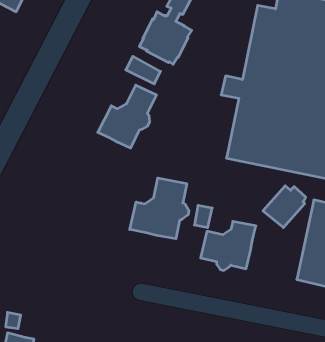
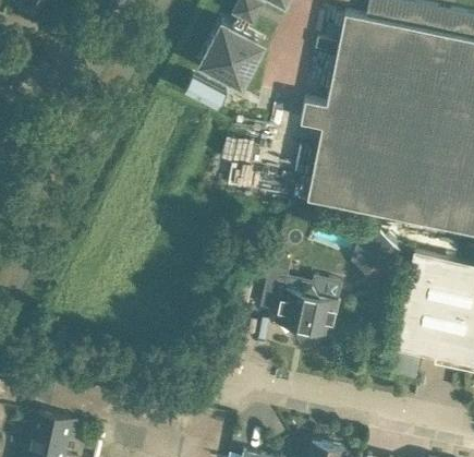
building: [98,85,156,148] -> none
building: [130,178,189,239] -> none

